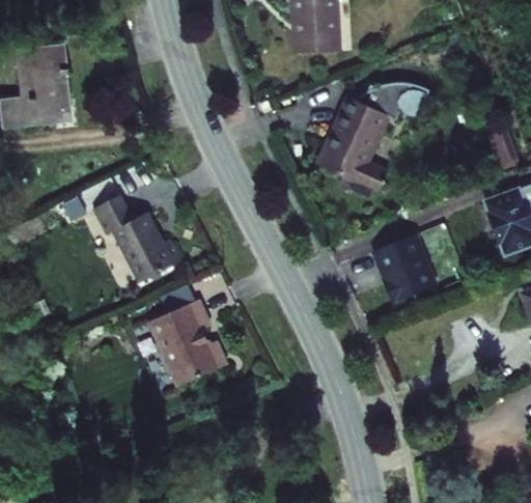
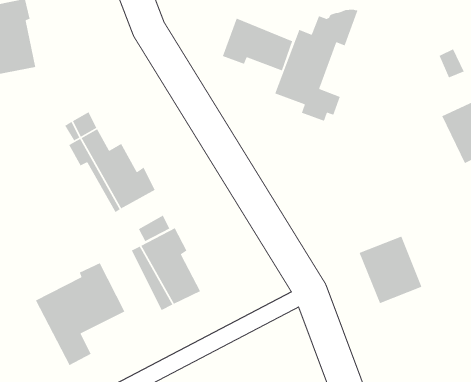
building: none -> [222,17,293,71]
building: [371,233,435,303] -> [359,236,423,304]
building: none -> [35,262,125,366]

